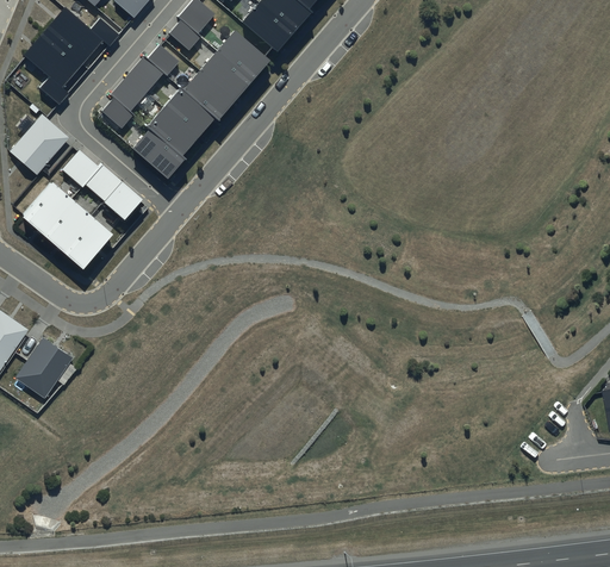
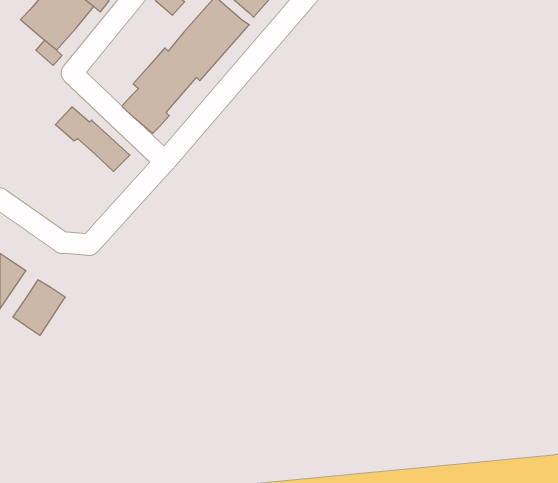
building: [101,43,179,127] -> none
building: [10,113,69,174] -> none
building: [21,182,112,269] -> none

